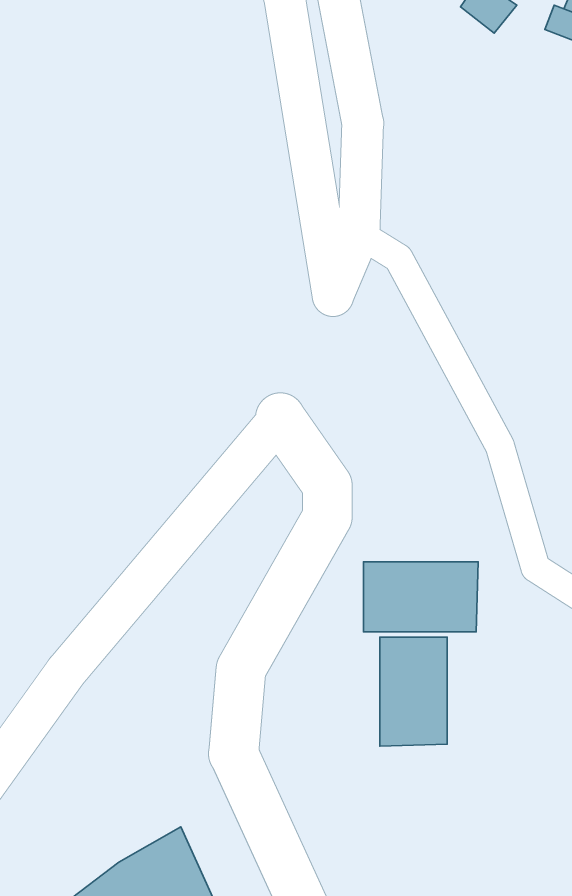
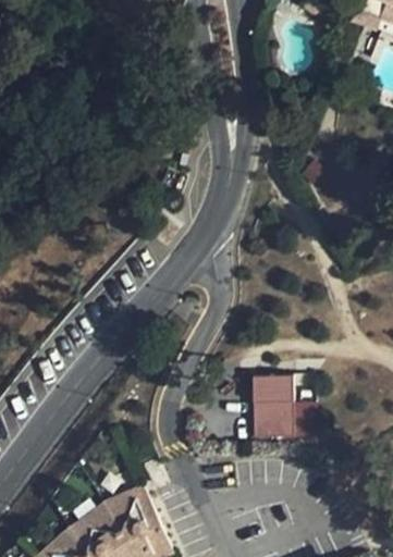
building: [363,562,478,632] -> none

